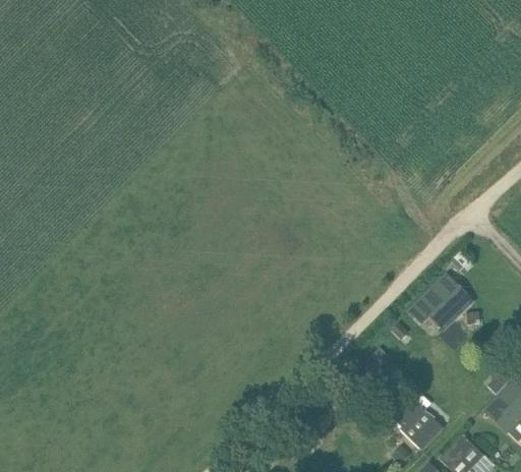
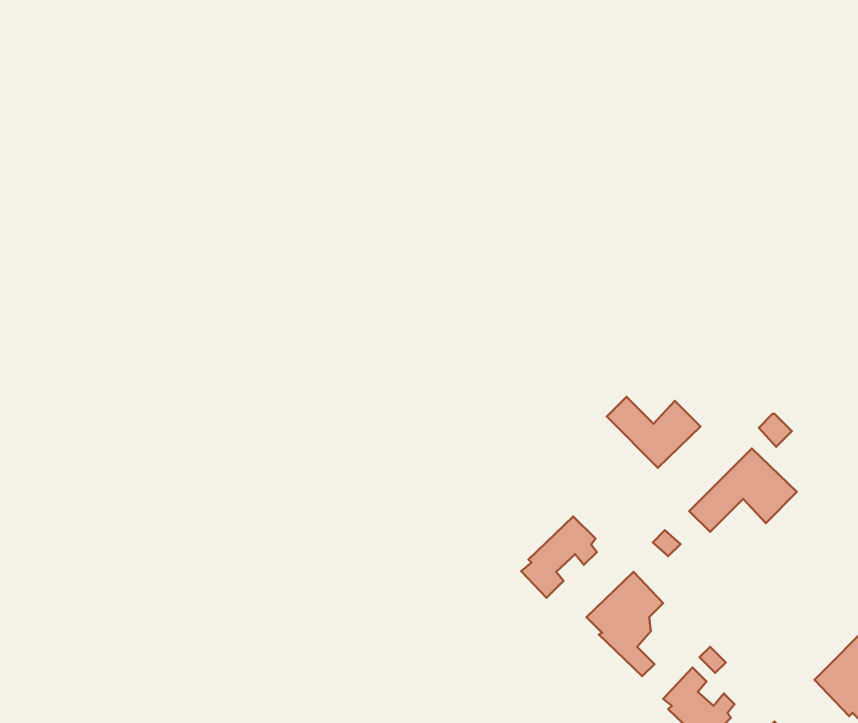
building: none -> [607,397,700,468]
building: none -> [521,516,597,598]

